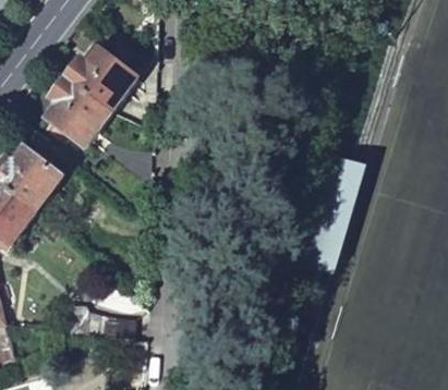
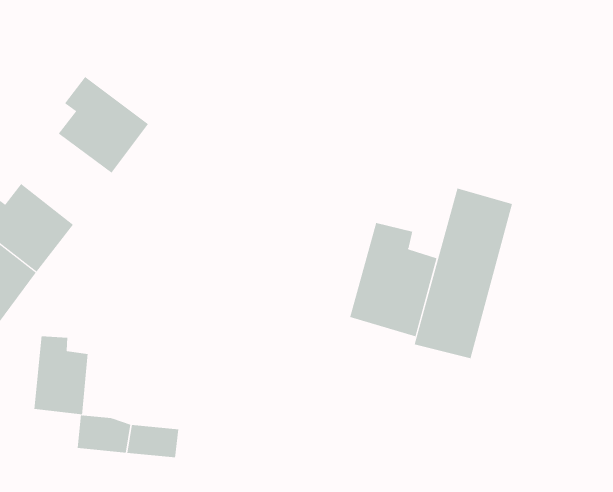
building: [69,38,147,109] -> none
building: none -> [349,222,437,337]
building: none -> [34,335,88,415]

